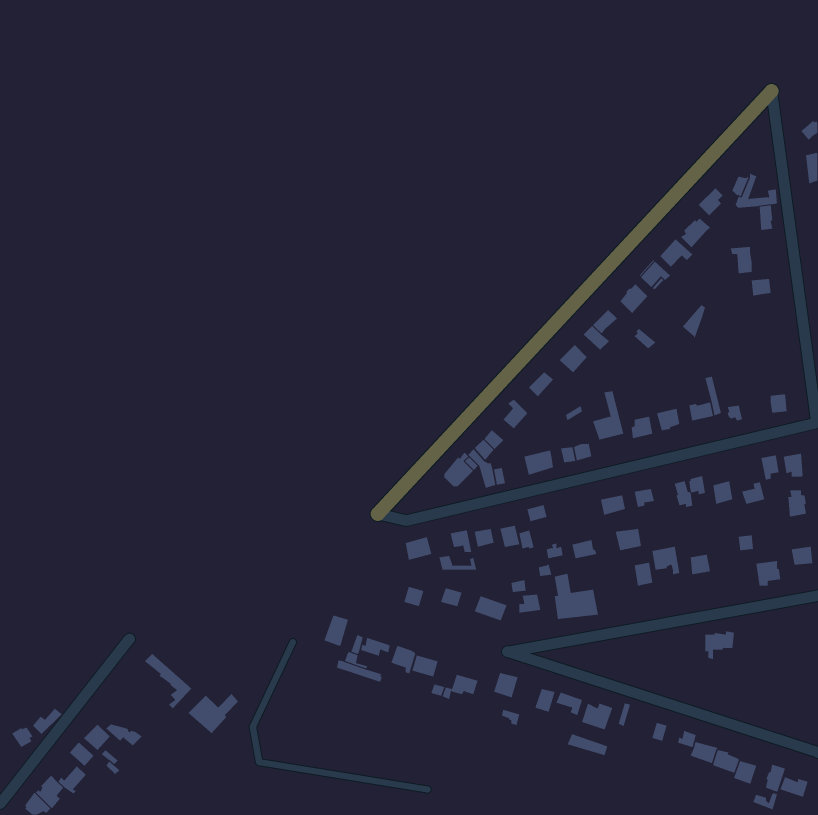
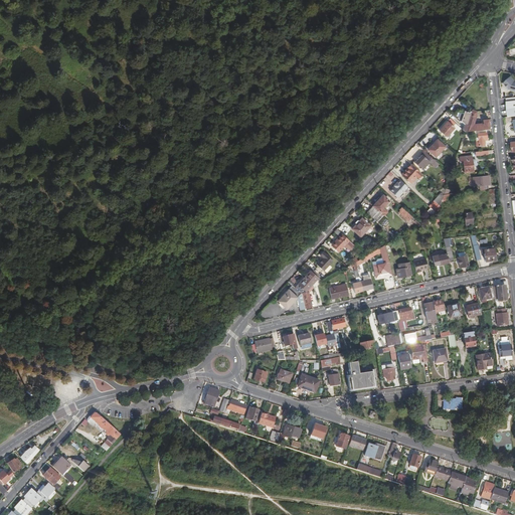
building: [188,693,239,734] -> none

